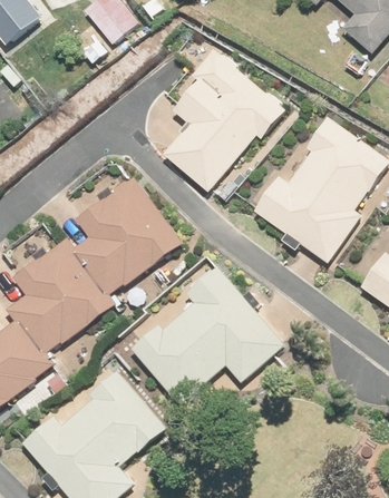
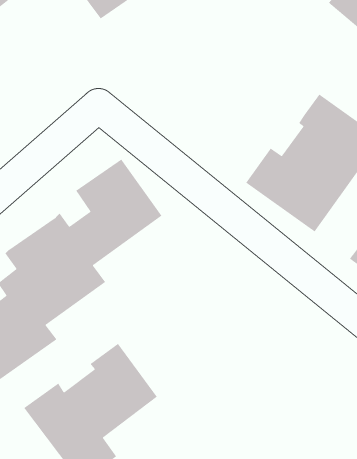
building: [165,50,282,189] -> none
building: [132,268,280,399] -> none

